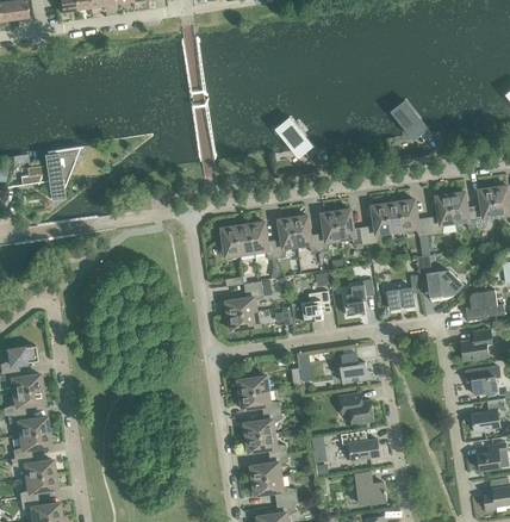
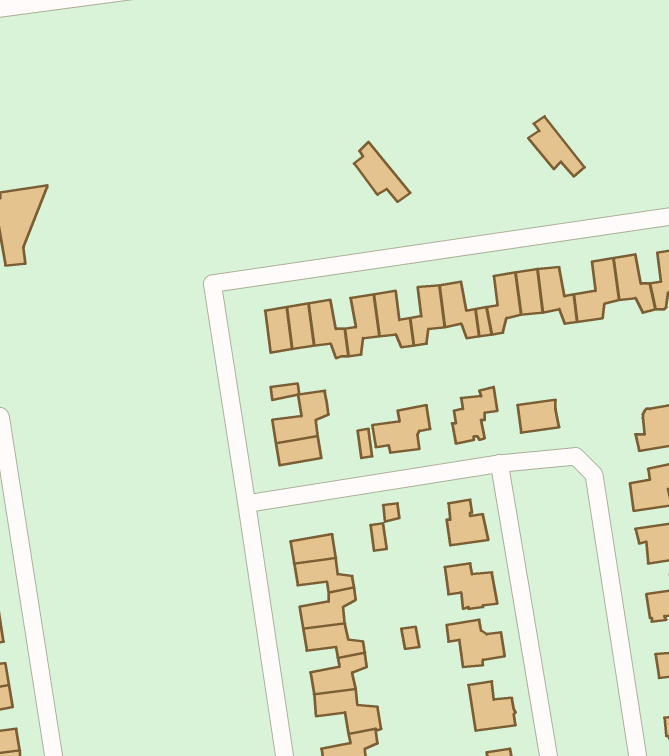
building: [416,254,462,302] -> none

